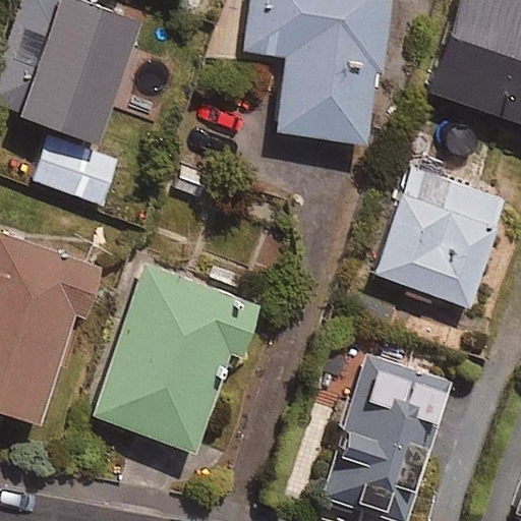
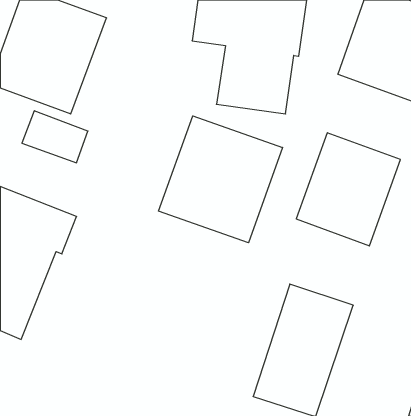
building: none -> [159,116,283,243]
building: [92,263,260,452] -> none

